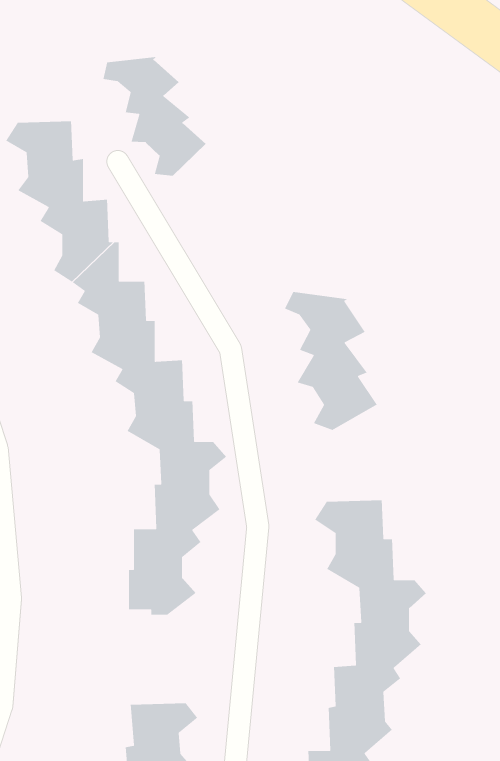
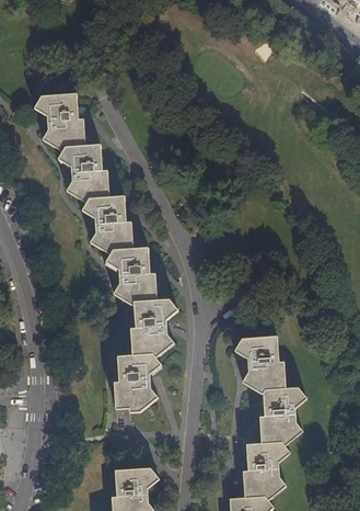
building: [103,56,206,177] -> none
building: [284,291,378,431] -> none

